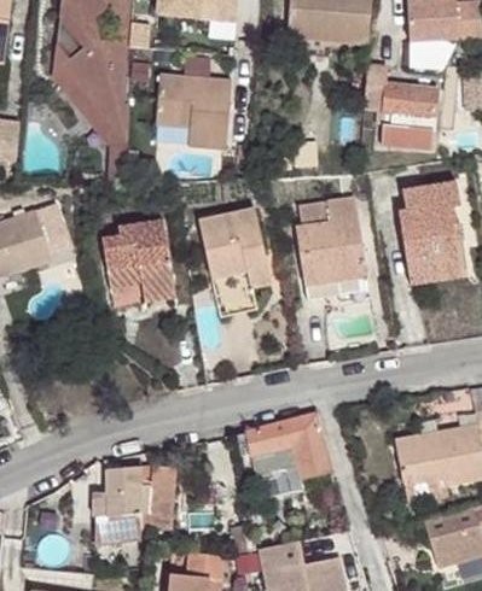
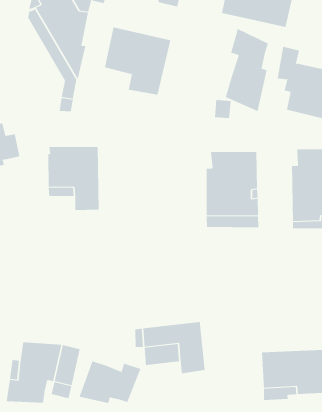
building: none -> [225,28,268,112]
building: [197,206,271,316] -> none
building: none -> [79,360,141,404]

